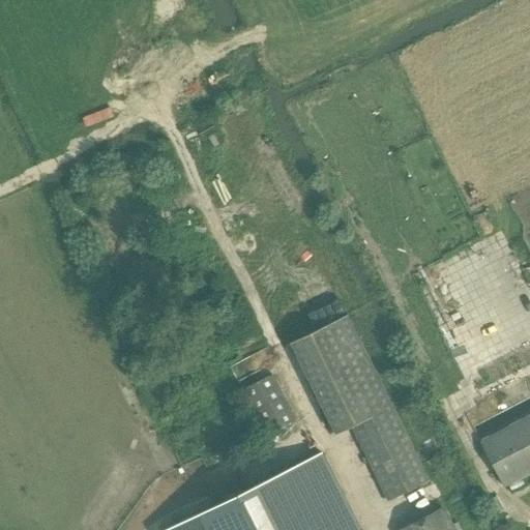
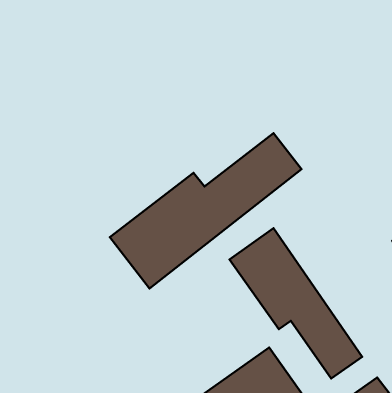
building: none -> [110,133,301,288]
building: [242,374,297,436] -> none

